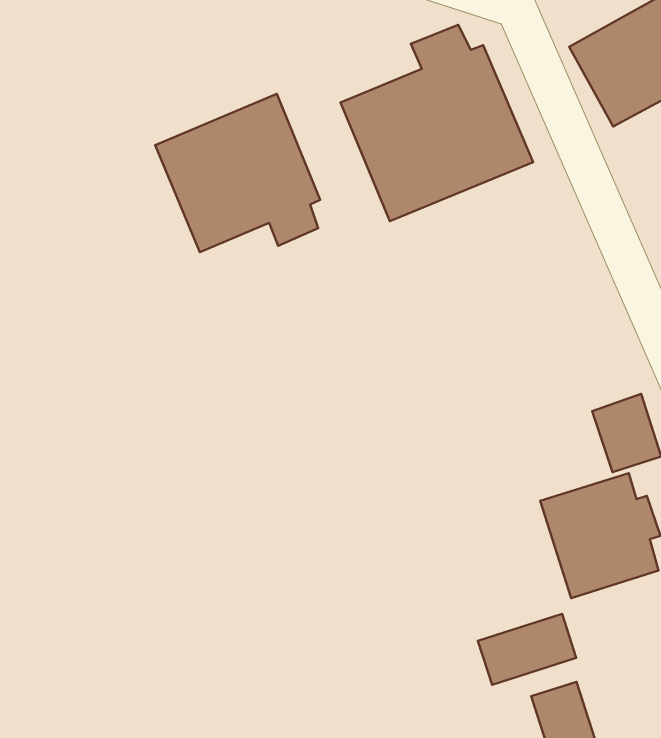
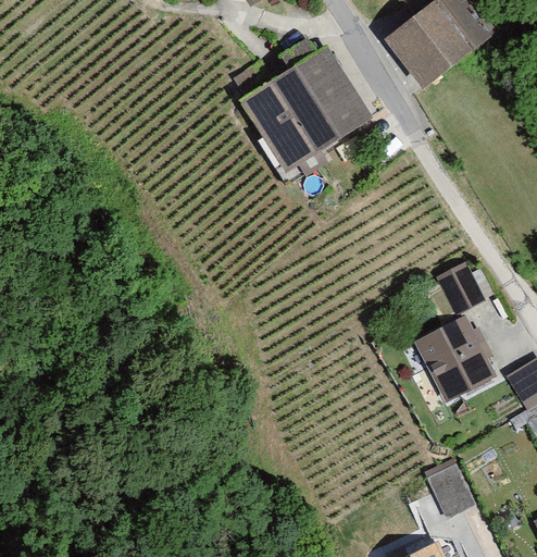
building: [155,94,320,252] -> none
building: [478,614,576,685] -> none

